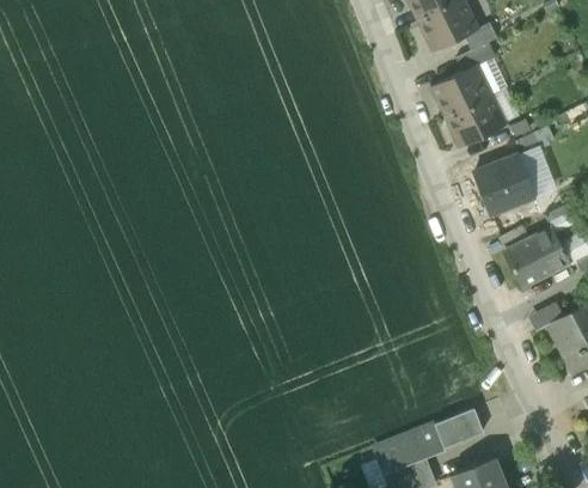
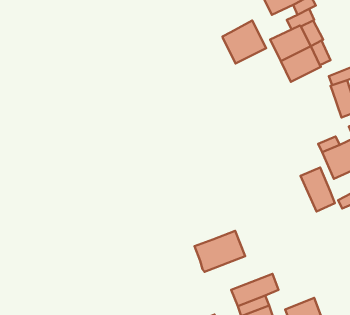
building: none -> [222,20,266,64]
building: [474,159,533,213] -> none
building: none -> [300,167,335,211]
building: none -> [194,231,245,272]
building: [434,409,482,447] -> none

